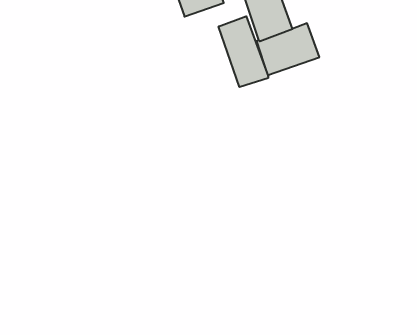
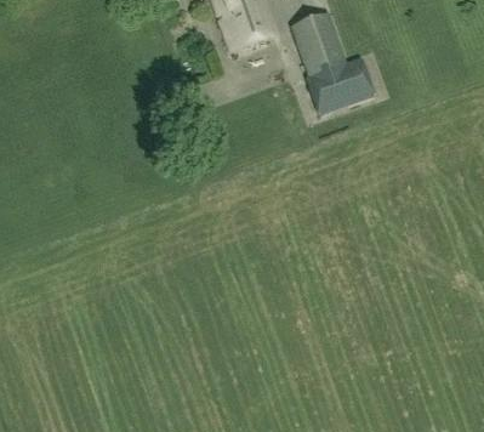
building: [219,16,268,87] -> none

